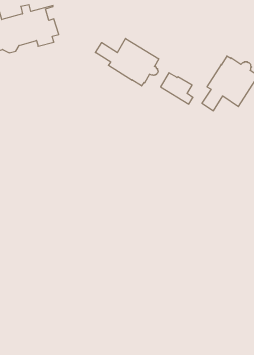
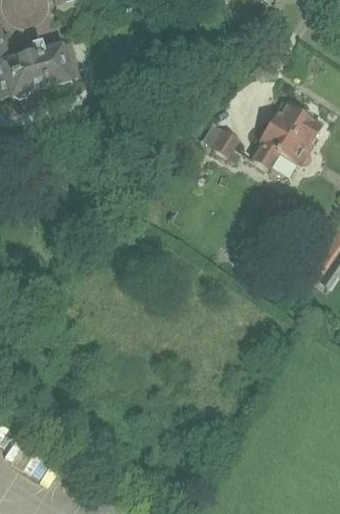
building: [95,38,159,86] -> none

